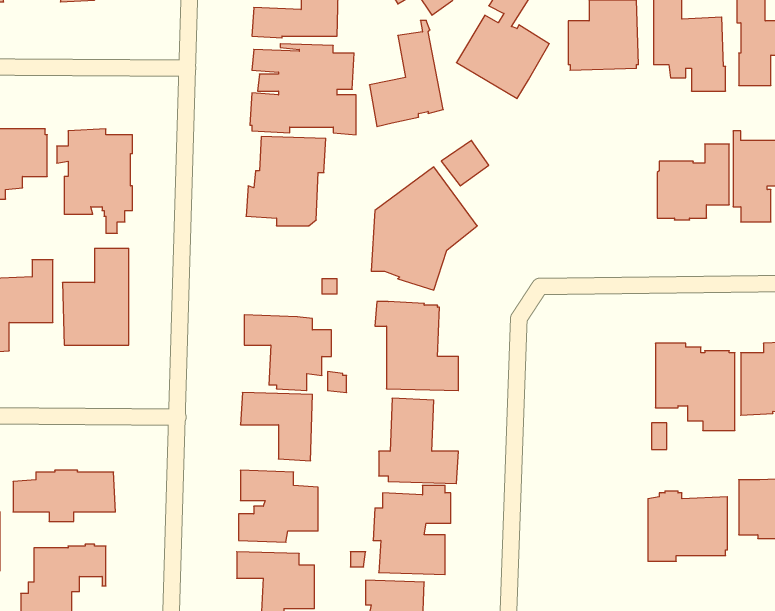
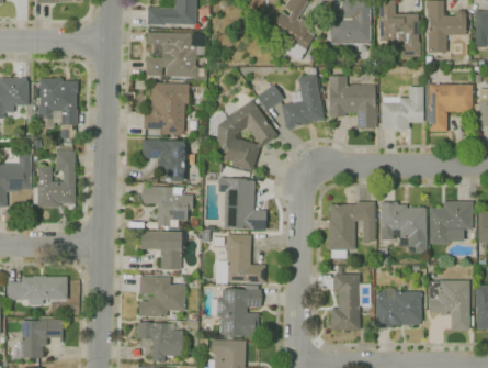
building: [369,20,443,127] -> [282,68,325,130]
building: none -> [330,76,378,129]
building: none -> [144,140,186,181]
building: none -> [329,202,375,258]
building: none -> [331,274,360,330]

